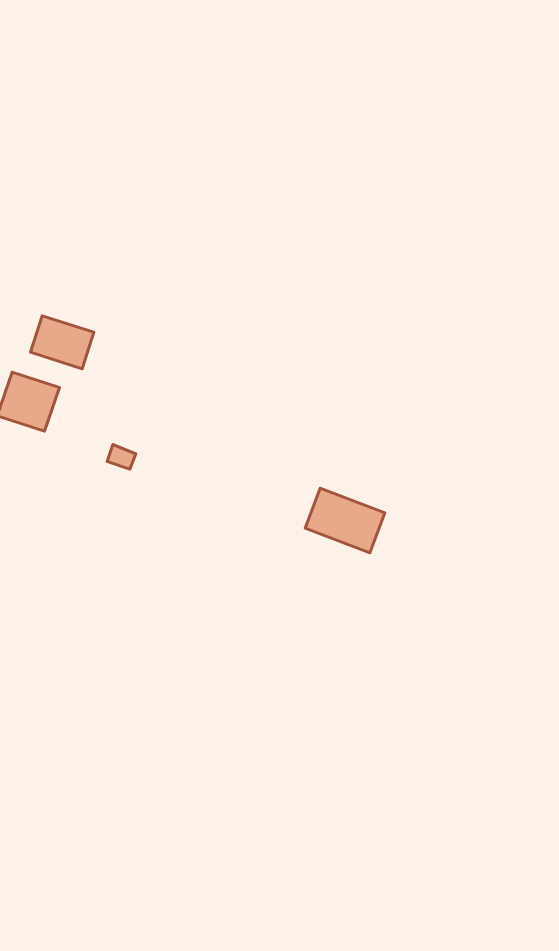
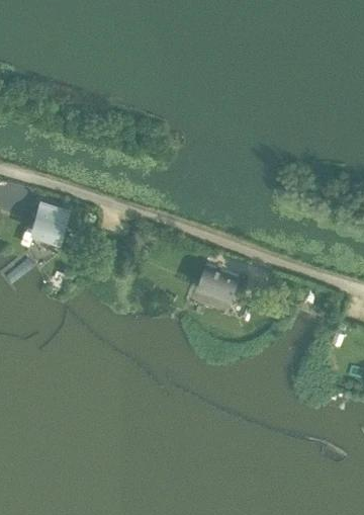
building: [31,316,94,369] -> none

